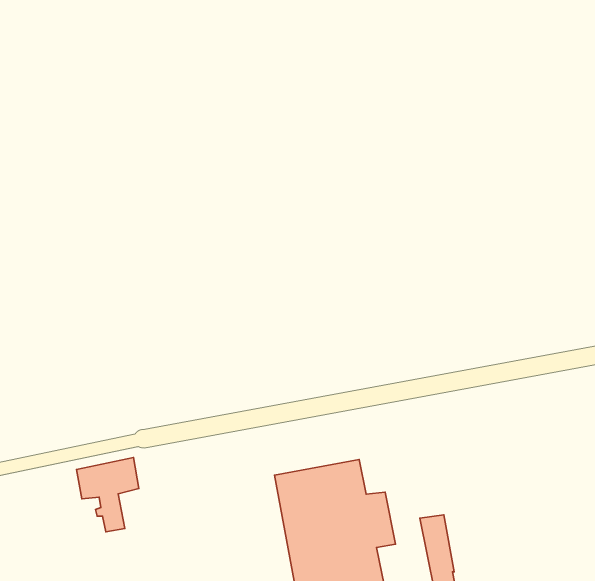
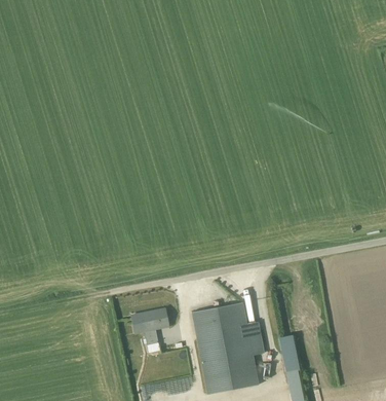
building: [77,457,139,532] -> [131,307,168,352]

